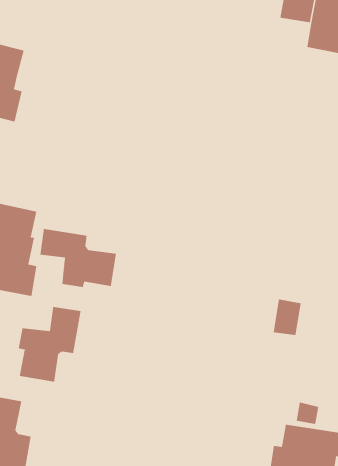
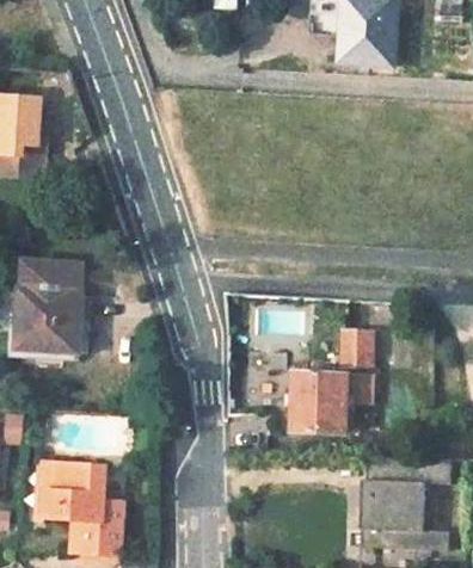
building: [40,228,116,288] -> none
building: [18,306,81,382] -> none
building: none -> [291,371,371,430]

